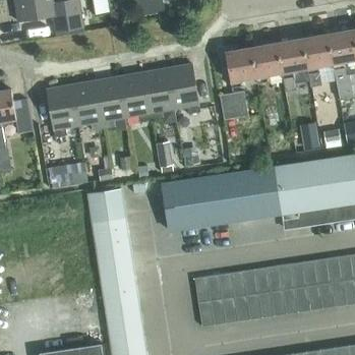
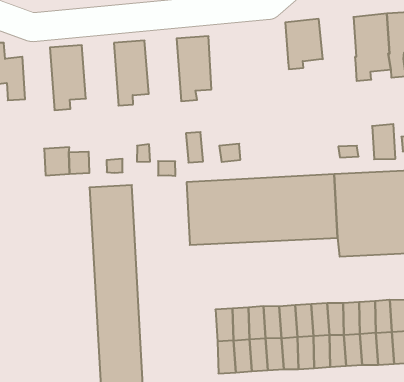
building: [251,43,283,82] -> none
building: [168,63,200,114] -> none
building: [119,72,152,122] -> none
building: [71,80,104,130] -> none
building: [220,91,248,119] -> none

